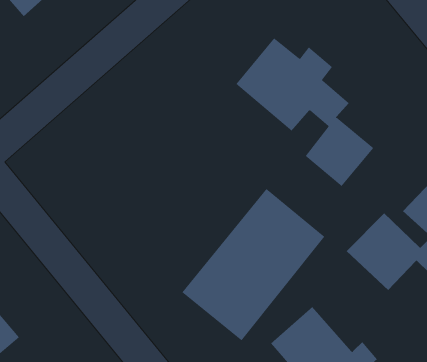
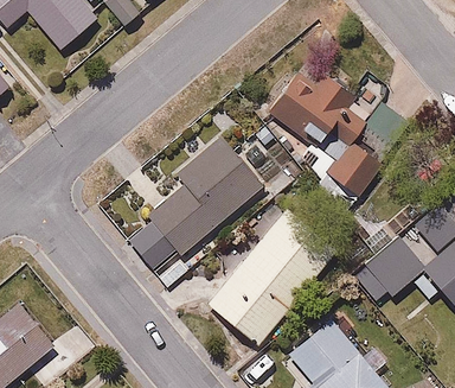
building: none -> [127,140,262,290]

